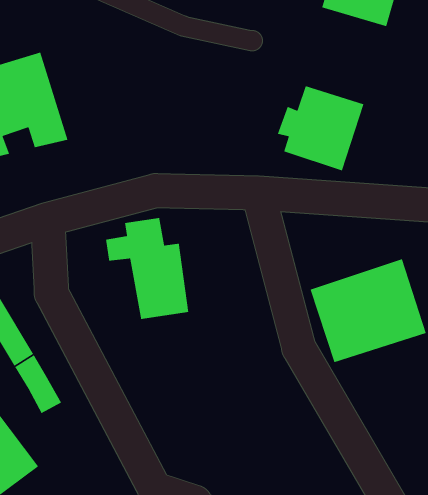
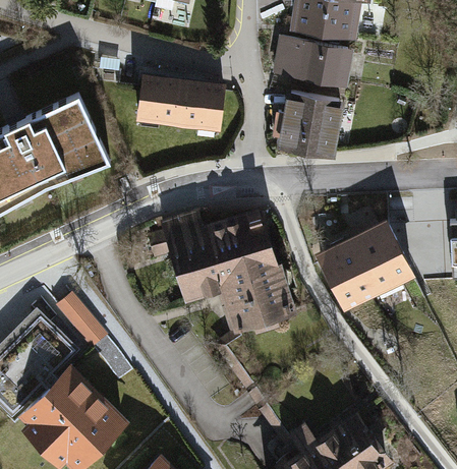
building: none -> [276,38,349,84]
building: none -> [139,77,224,128]
building: none -> [210,216,291,328]

